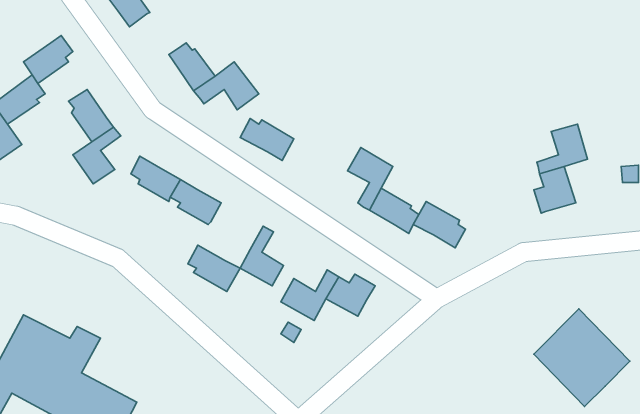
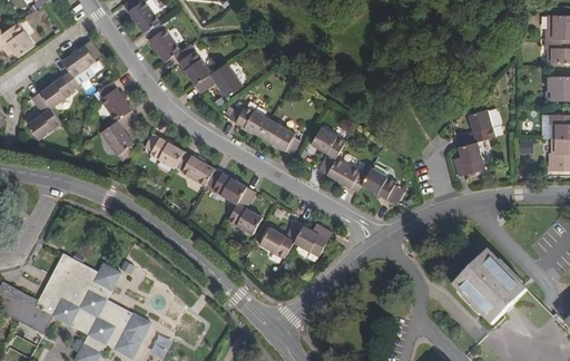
building: none -> [142,23,179,61]
building: none -> [259,119,298,155]
building: [188,245,240,292] -> [205,168,245,204]

